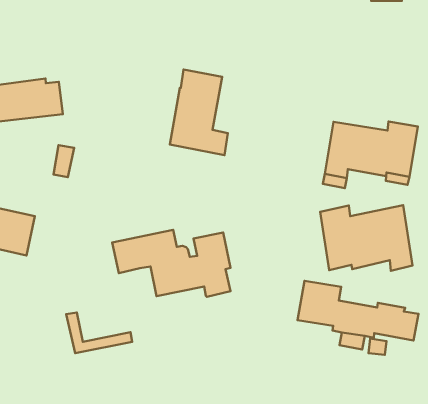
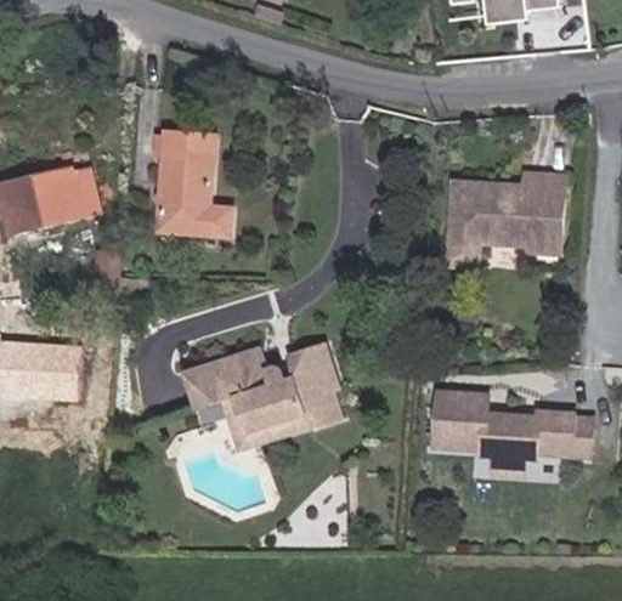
building: [170,70,228,155] -> [157,130,231,236]
building: [320,205,412,271] -> none
building: [66,312,132,353] -> [221,396,311,449]

